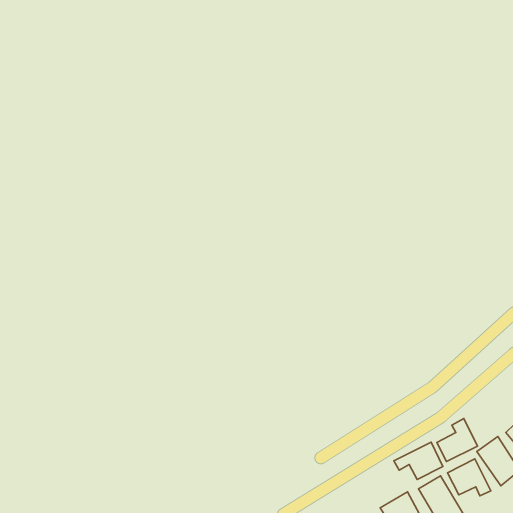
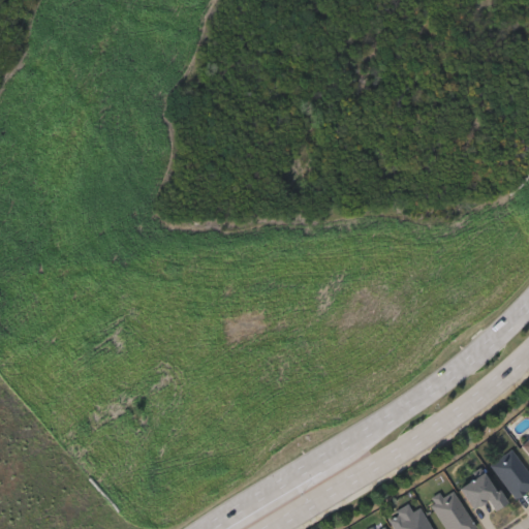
building: [437,419,478,461] -> none
building: [394,442,443,479] -> none

